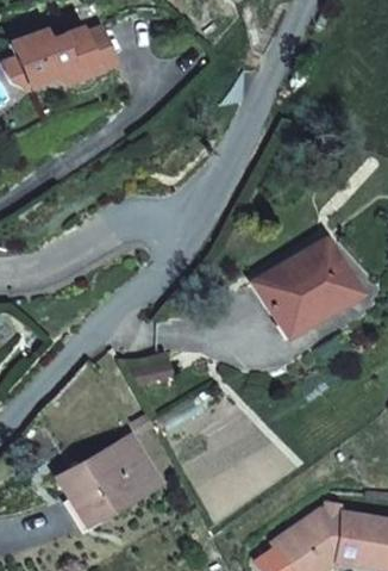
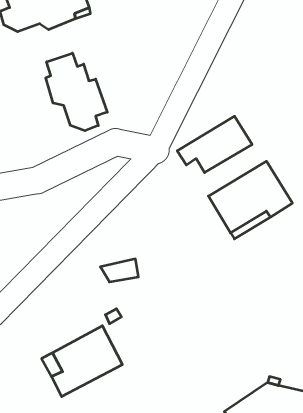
building: none -> [46,53,107,131]
building: none -> [177,116,252,173]

